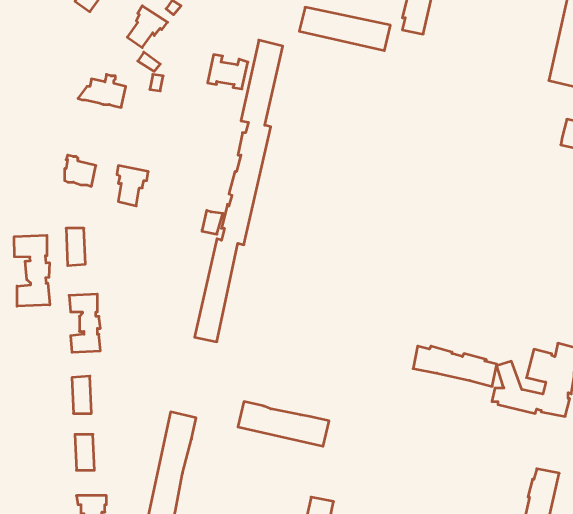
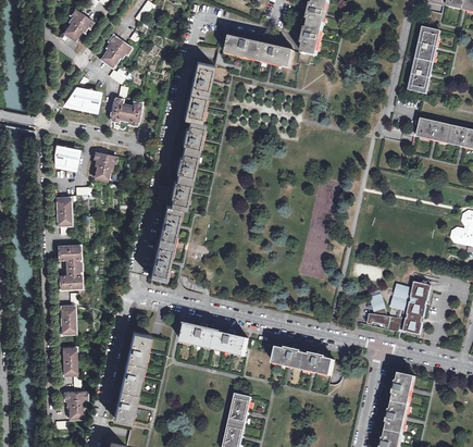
building: [208,55,248,89] -> [111,98,140,123]
building: [14,235,50,306] -> none
building: [413,346,497,386] -> [273,346,334,375]

